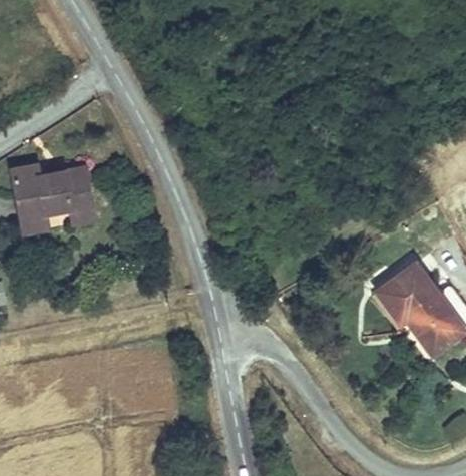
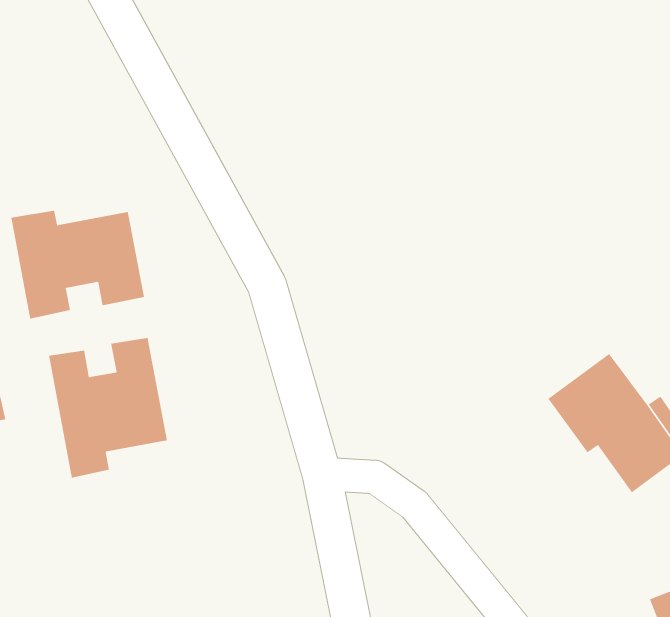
building: none -> [48,337,167,478]

